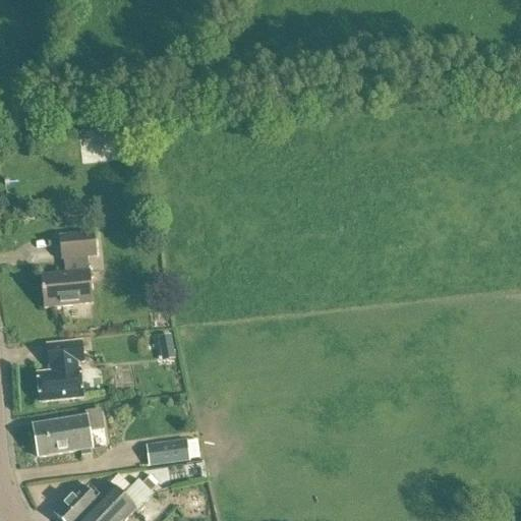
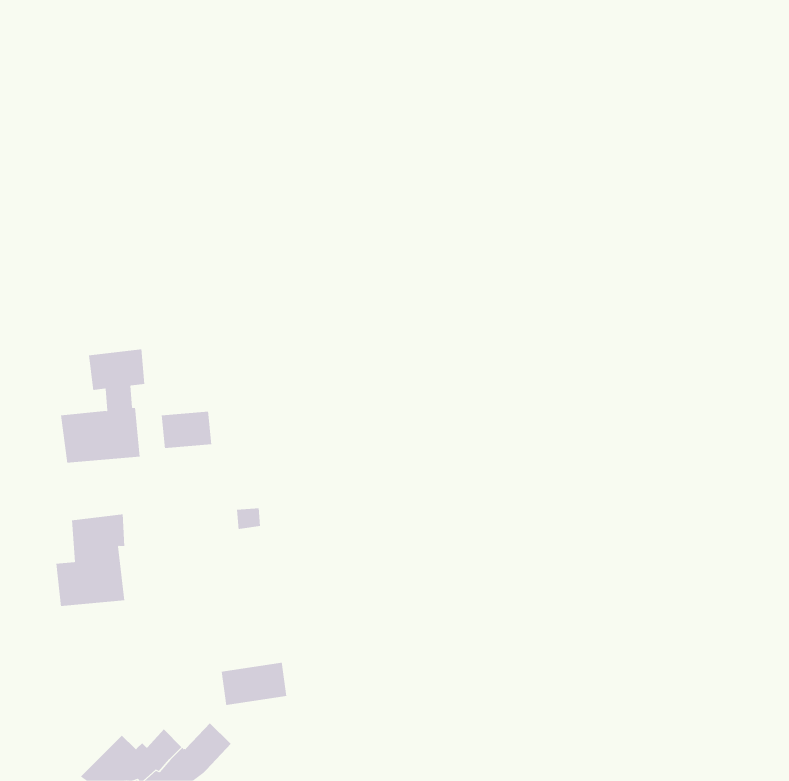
building: none -> [161,411,212,449]
building: [34,408,103,456] -> none

